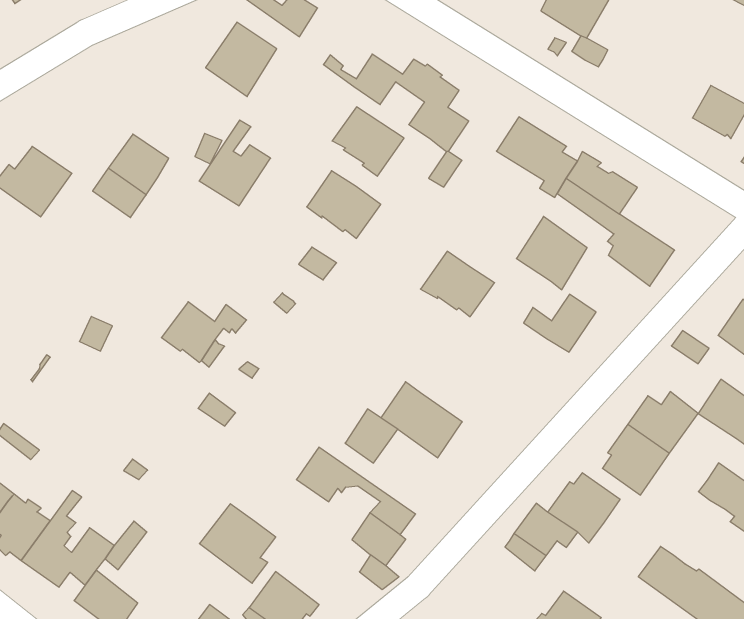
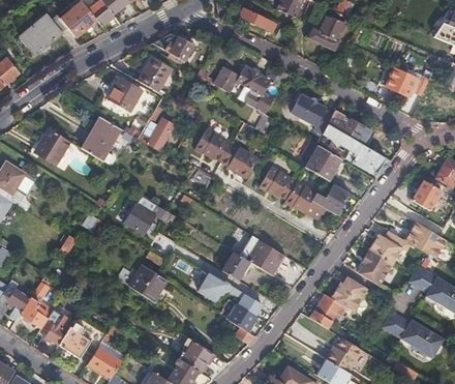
building: none -> [110,78,141,110]
building: [332,107,404,176] -> [220,144,257,179]
building: none -> [281,180,323,218]
building: [199,504,276,583] -> [128,264,168,304]

